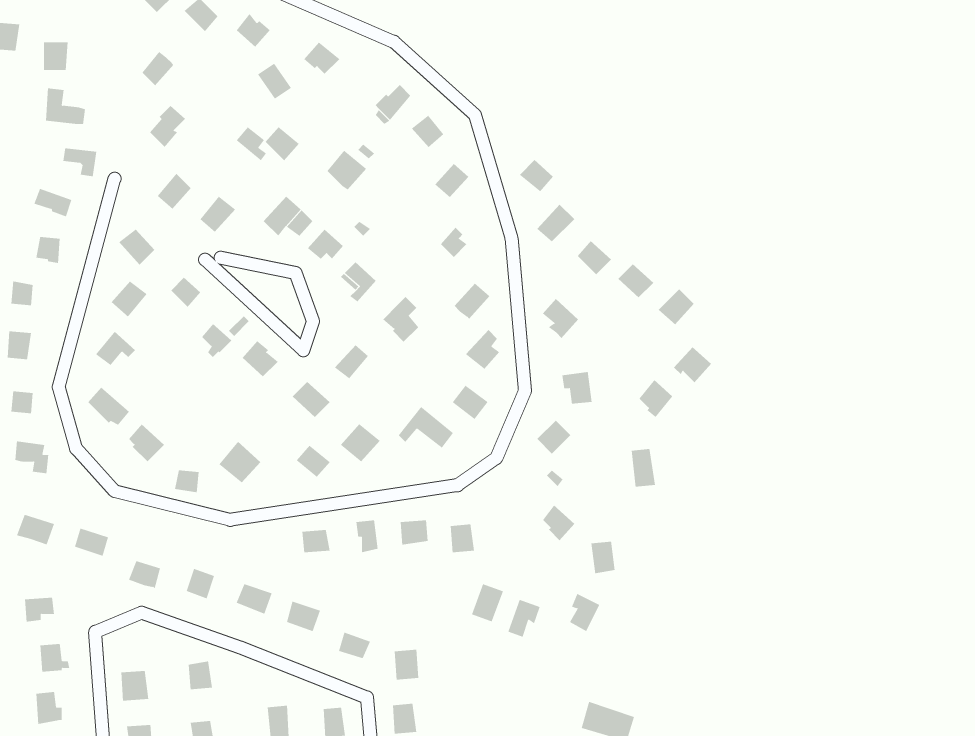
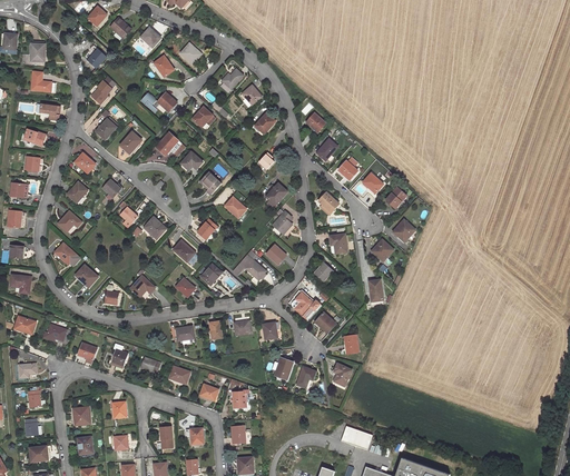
building: none -> [292,289,322,321]

